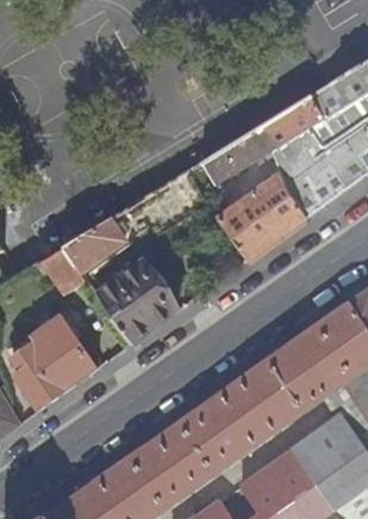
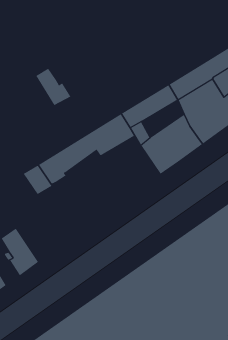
building: none -> [35,68,71,106]
building: [99,261,179,342] -> none
building: [35,318,98,388] -> none

